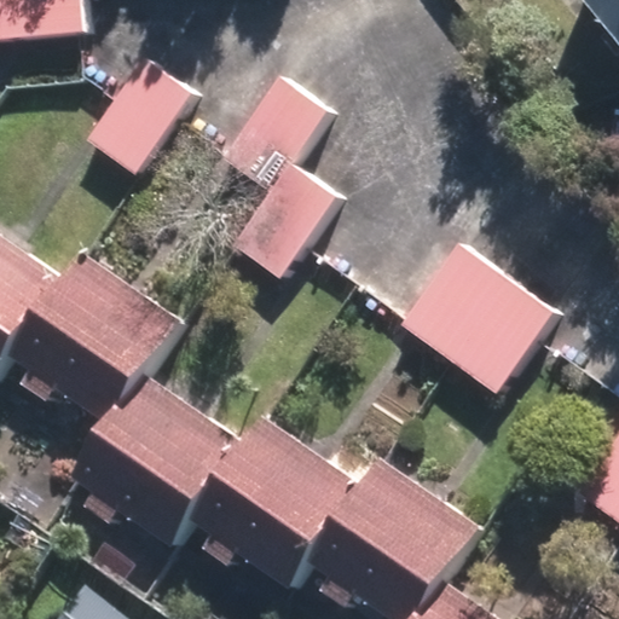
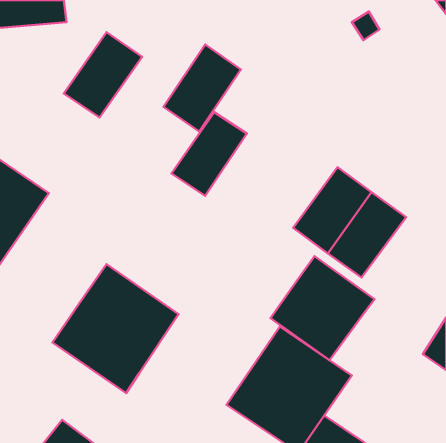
building: [10,255,180,428] -> none
building: none -> [270,256,375,360]
building: [190,418,363,590] -> none

